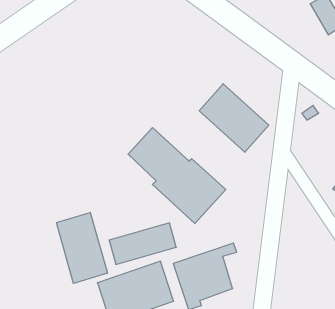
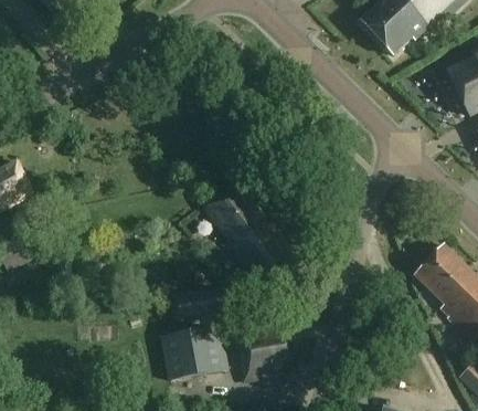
building: [199,84,269,152] -> none
building: [56,212,107,283] -> none

